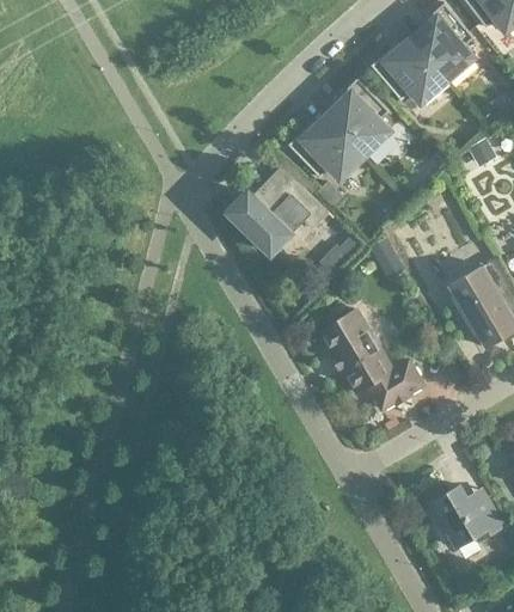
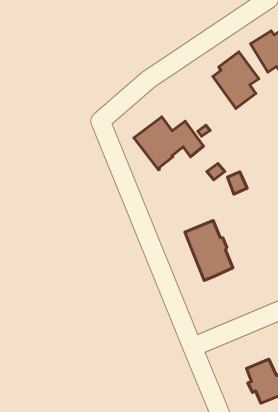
building: [288,117,365,178] -> none
building: [368,361,423,410] -> none

